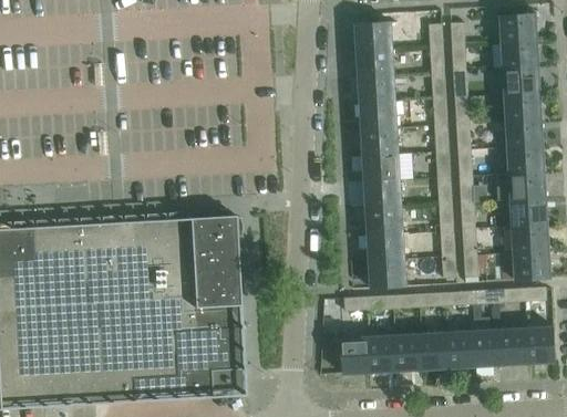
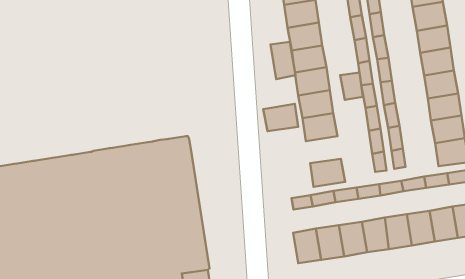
building: none -> [270,42,295,79]
building: none -> [340,73,363,100]
building: [365,232,403,260] -> [263,104,298,131]

